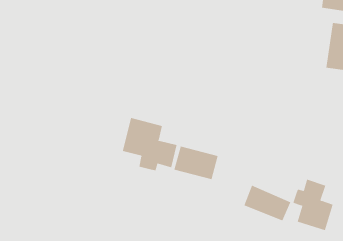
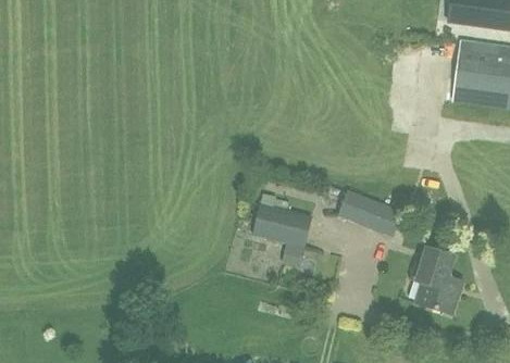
building: [122,117,177,171] -> none
building: [243,185,291,221] -> [338,189,401,237]

